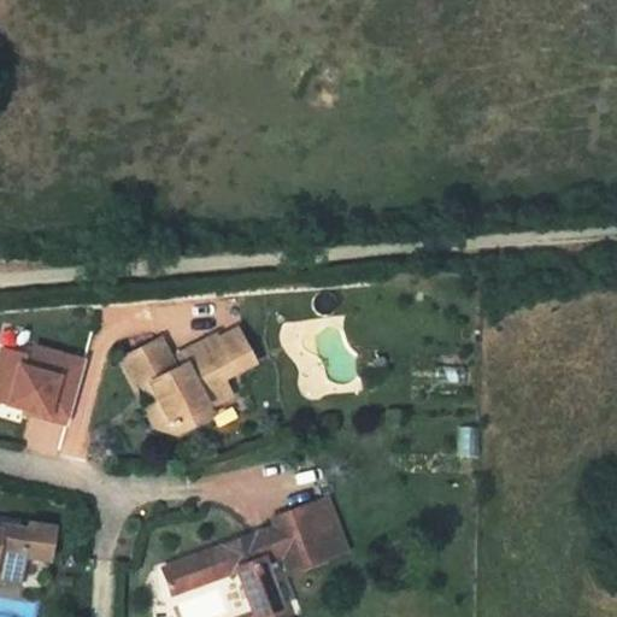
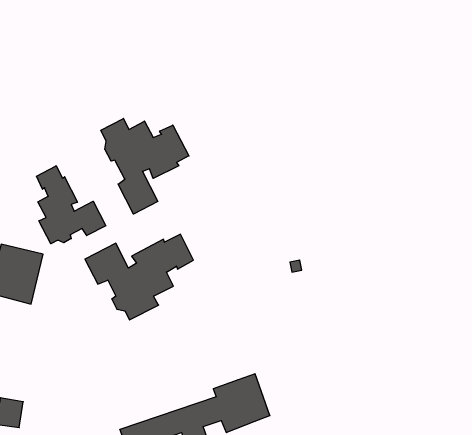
building: none -> [101,118,189,214]
building: none -> [36,166,106,244]

